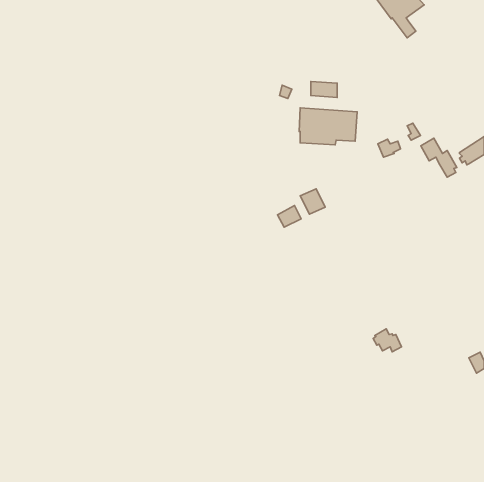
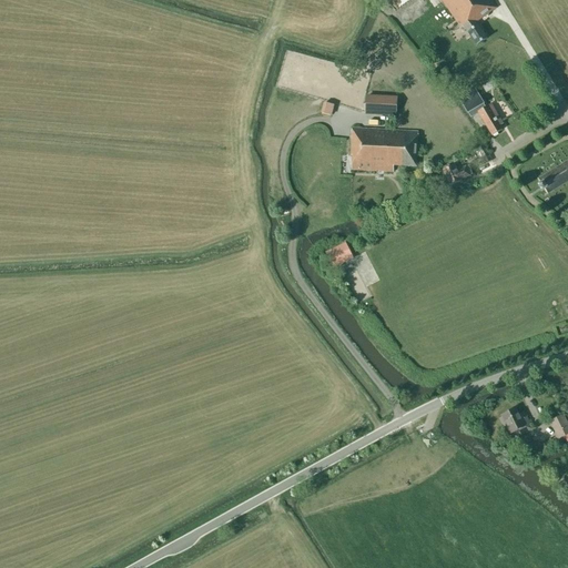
building: [421,138,457,177] -> [460,89,503,134]
building: [300,189,325,214] -> none
building: [373,329,401,352] -> [499,407,532,434]

